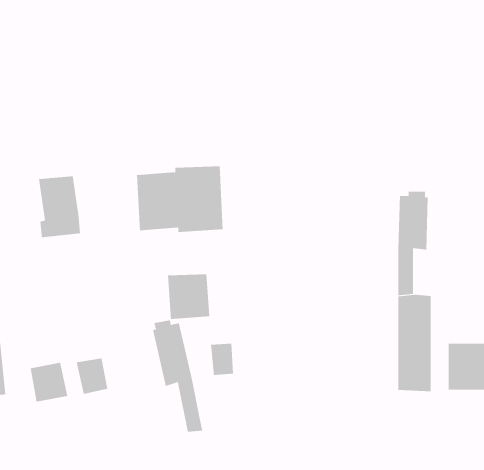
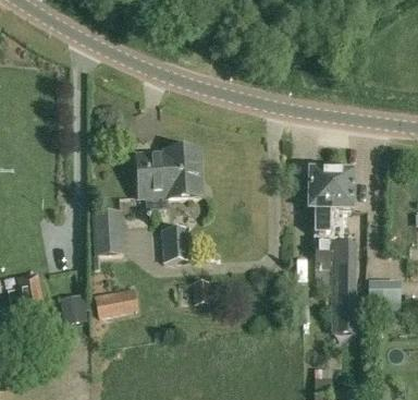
building: [38,176,81,238] -> [94,209,125,255]
building: none -> [308,165,332,277]
building: [153,319,203,432] -> none

